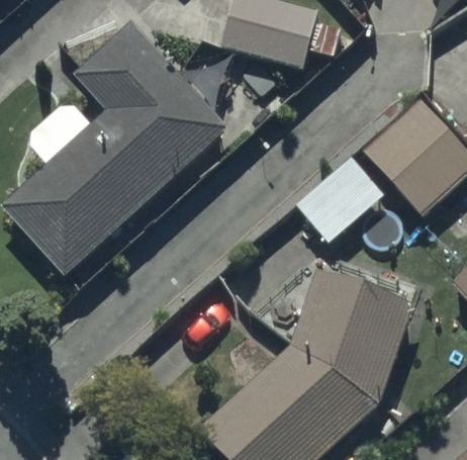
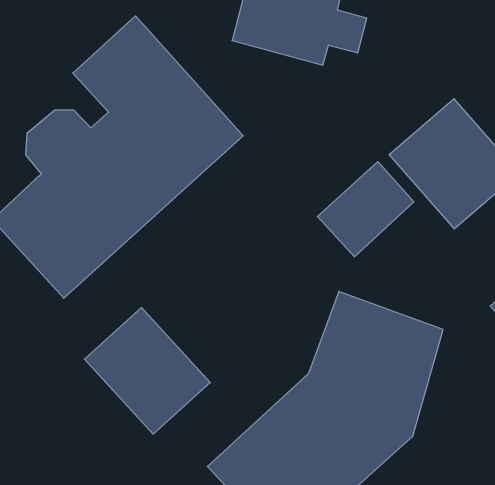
building: none -> [84,308,210,434]

